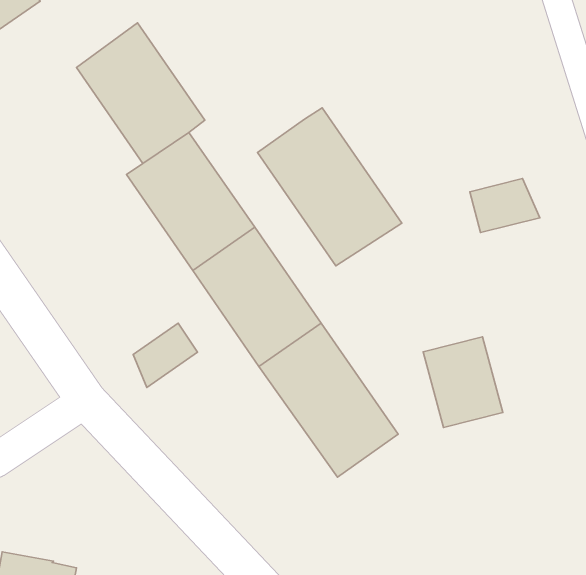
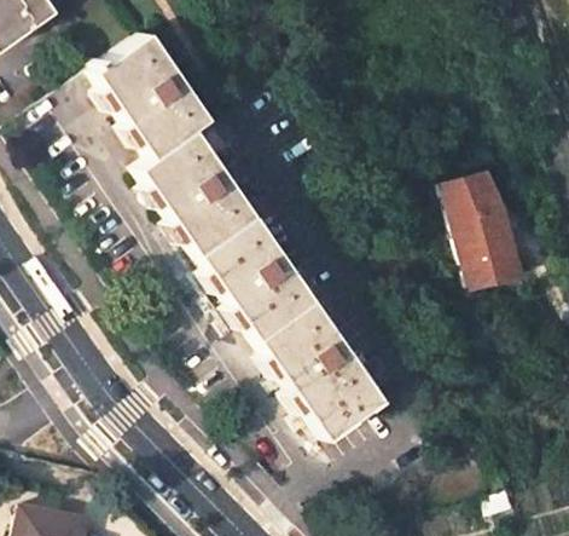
building: [257,108,402,266] -> none
building: [133,323,198,387] -> none
building: [423,337,503,427] -> [457,204,528,286]

